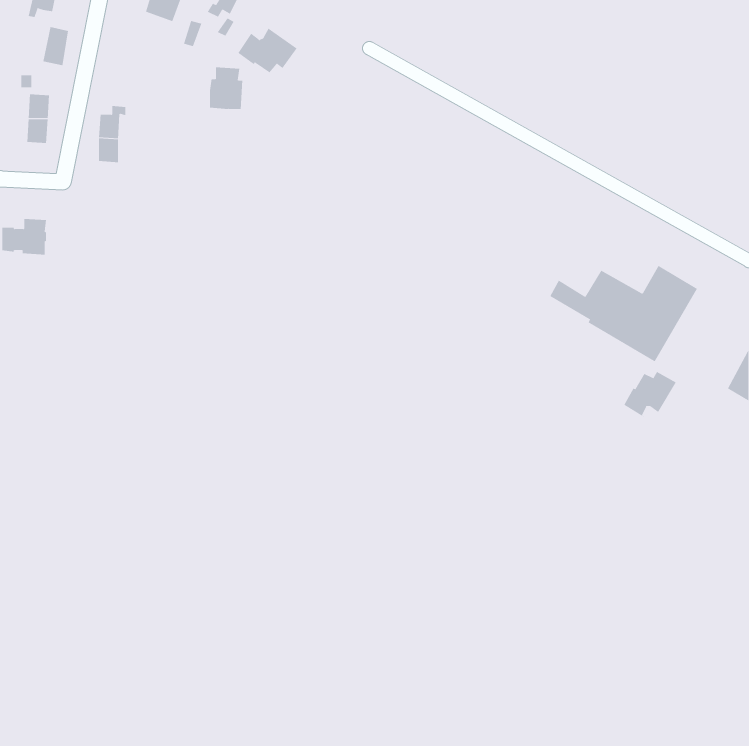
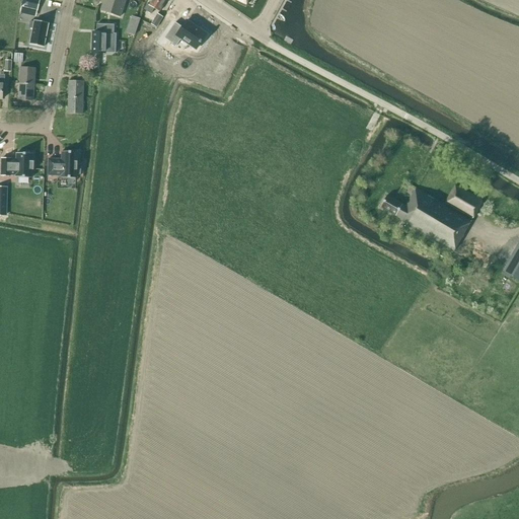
building: [209,67,243,109] -> [92,22,116,52]
building: none -> [48,150,80,176]
building: [623,371,676,418] -> none

